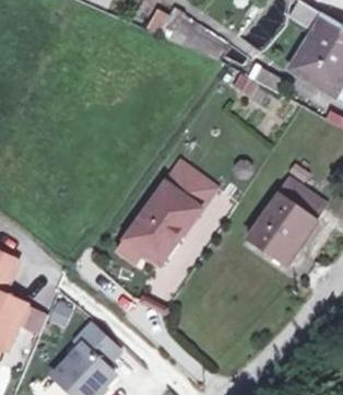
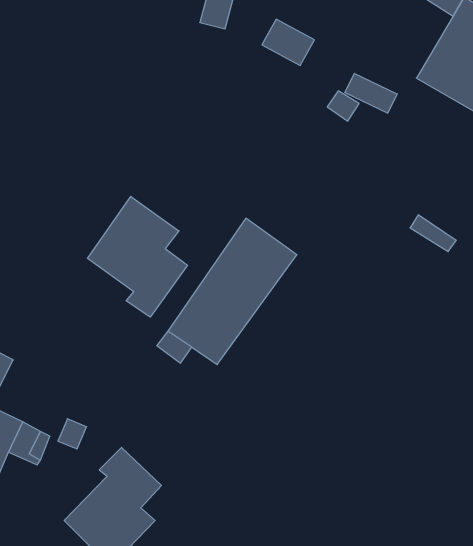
building: none -> [88,196,188,317]
building: [251,181,327,265] -> none

